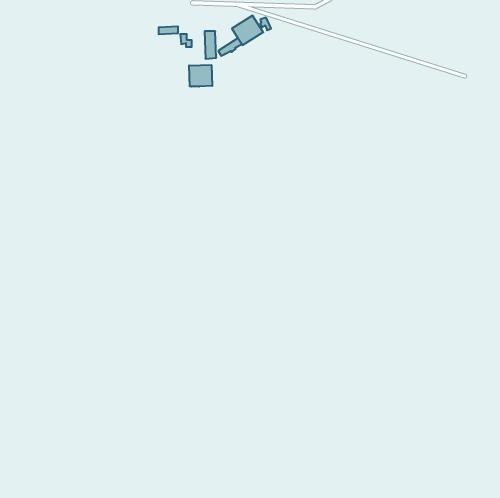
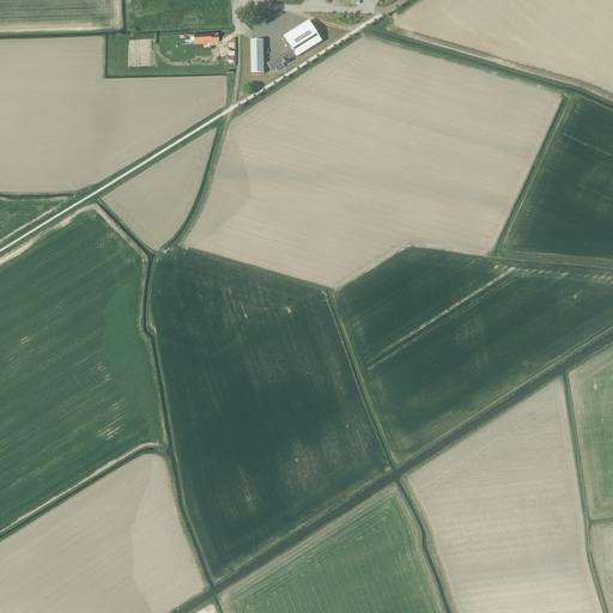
building: [189,65,212,87] -> none

